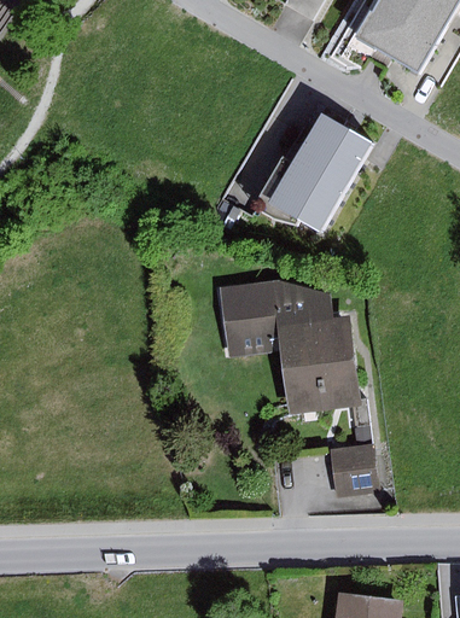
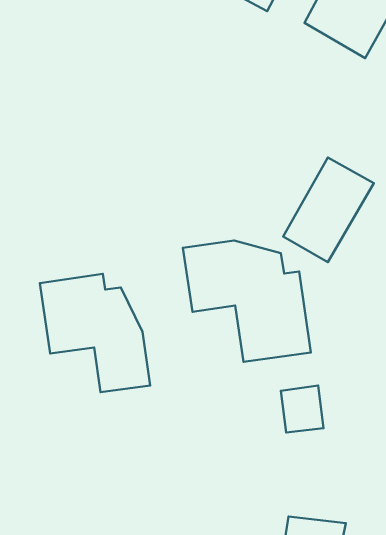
building: [268,113,371,232] -> [283,158,374,262]
building: none -> [40,274,150,392]

